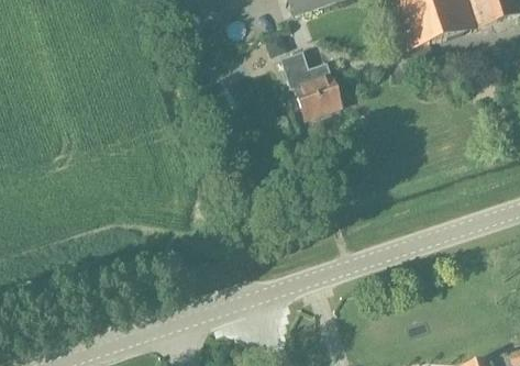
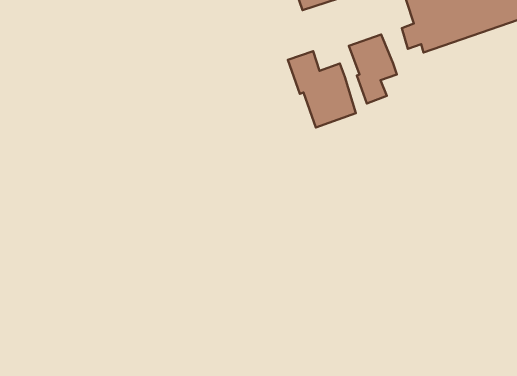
building: none -> [349,35,397,103]

